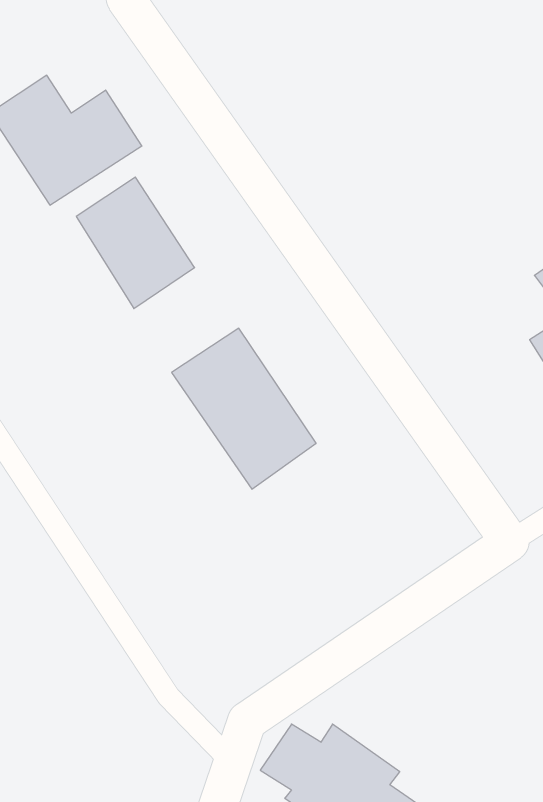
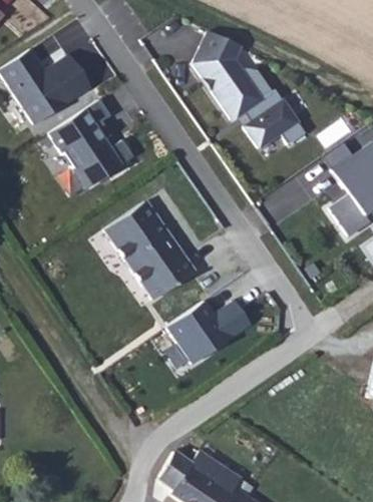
building: none -> [189,30,297,145]
building: none -> [166,301,251,366]

